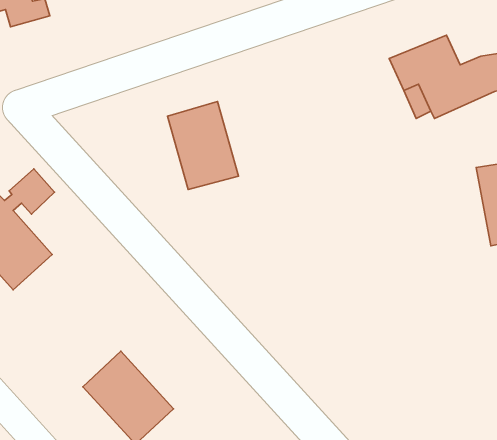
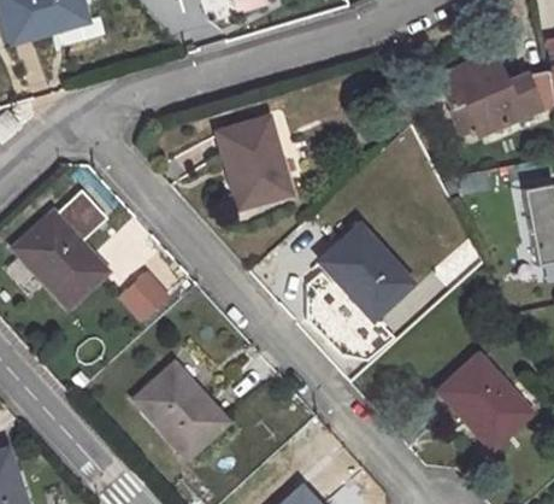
building: none -> [322,227,411,318]
building: none -> [120,271,173,323]
building: none -> [442,357,530,447]

